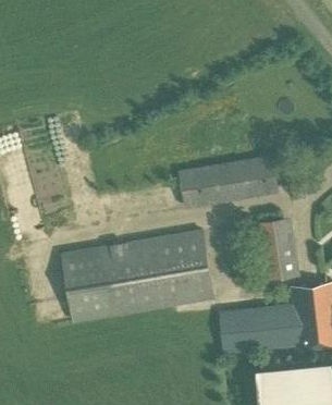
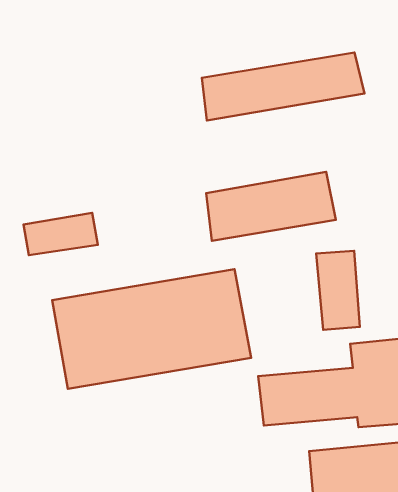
building: none -> [202,53,365,120]
building: none -> [24,213,98,255]

